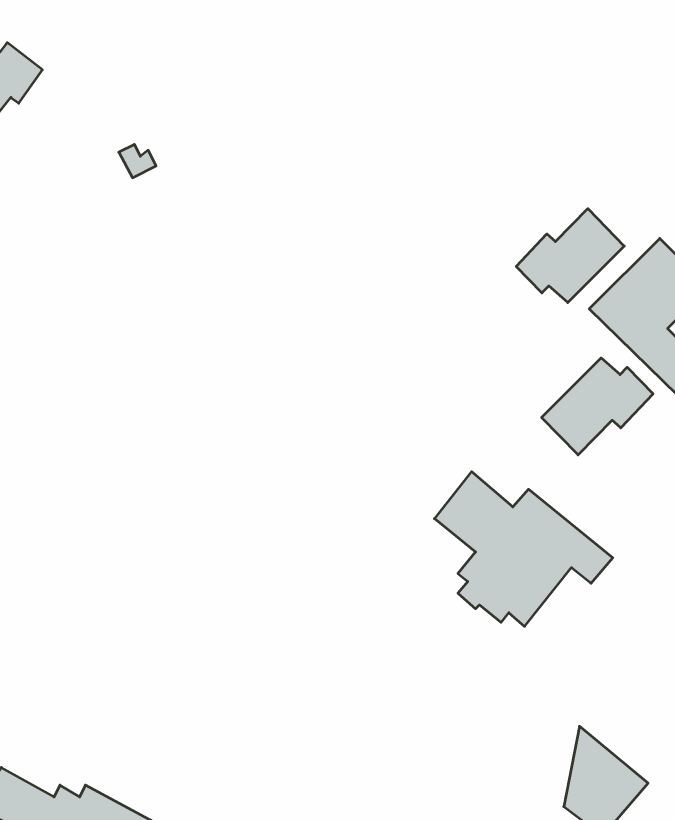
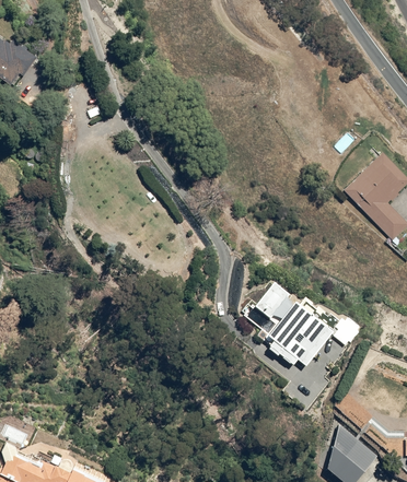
building: [516,209,624,303] -> none
building: [542,358,653,455] -> none

